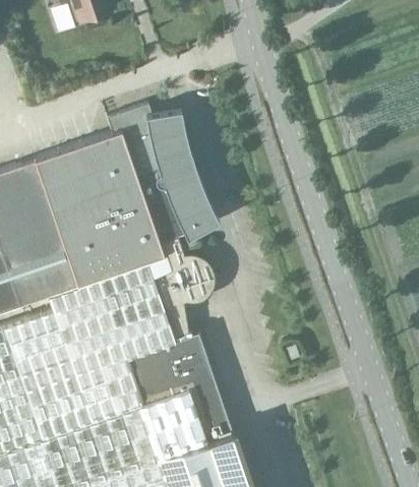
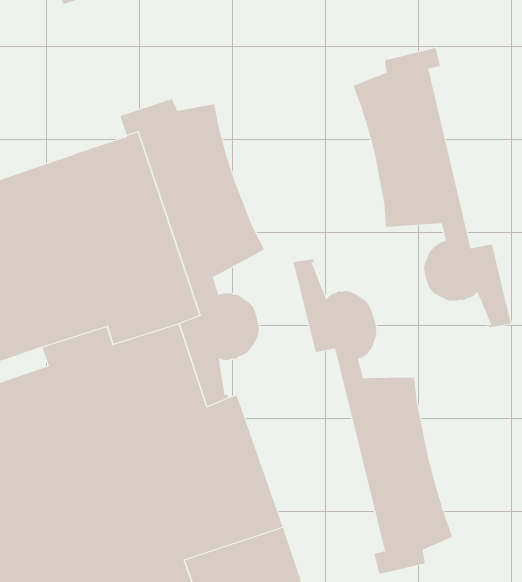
building: none -> [353,47,512,328]
building: none -> [293,259,453,575]

